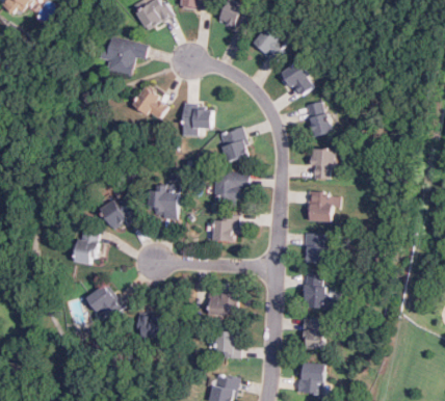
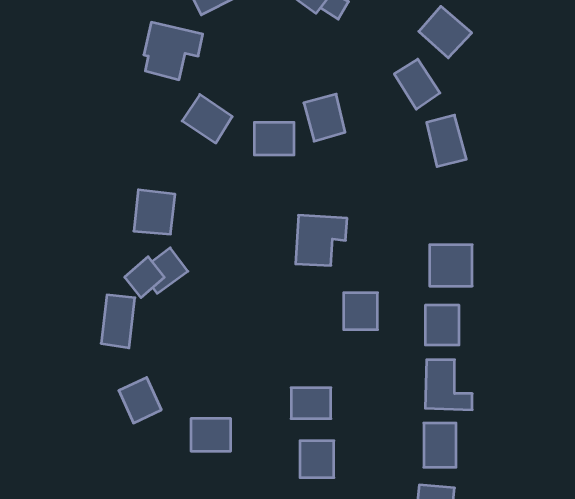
building: [252,26,289,62] -> [419,6,472,58]
building: [219,128,248,161] -> [304,94,345,141]
building: [311,150,333,179] -> none
building: [149,187,178,218] -> [134,190,175,234]
building: [213,215,237,241] -> [344,293,378,330]

